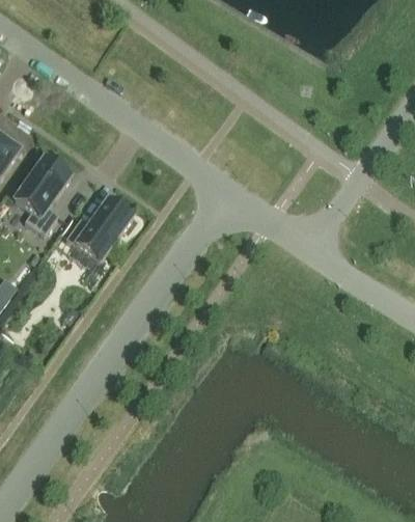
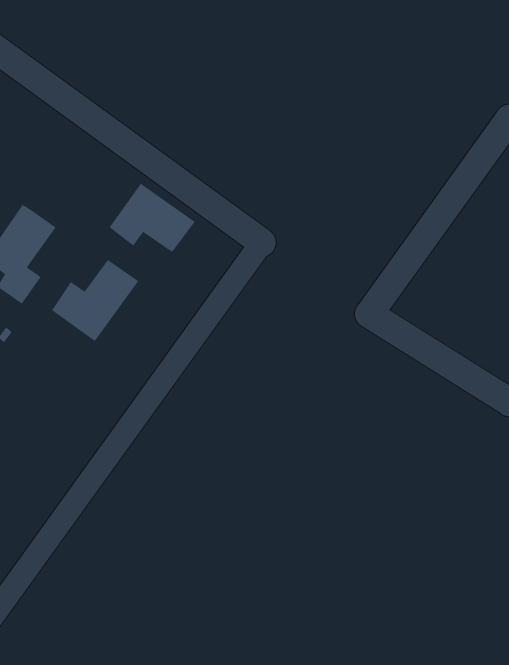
building: none -> [109,183,195,253]

